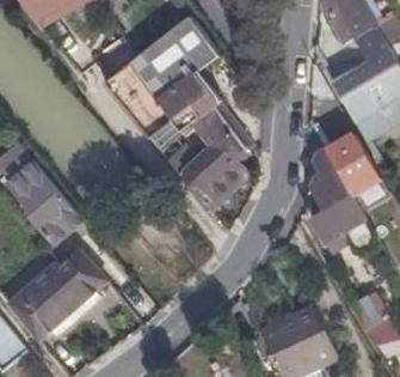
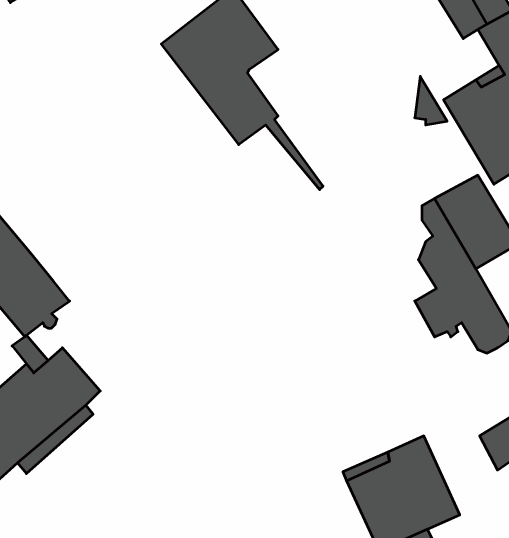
building: [104,48,248,206] -> none

